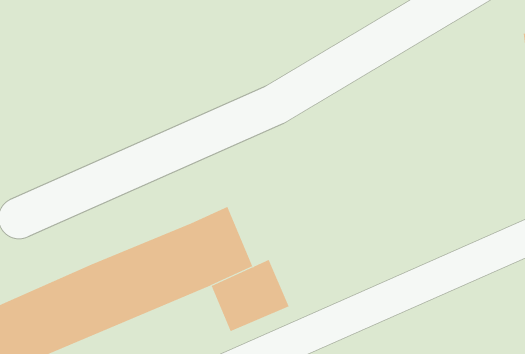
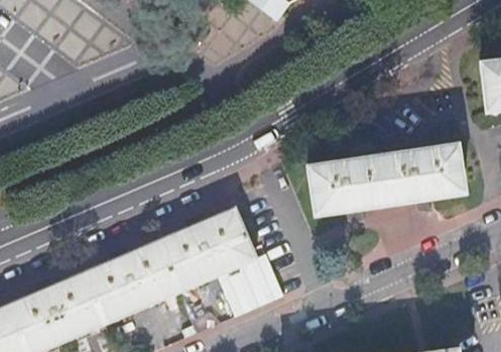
building: none -> [307,145,464,218]

